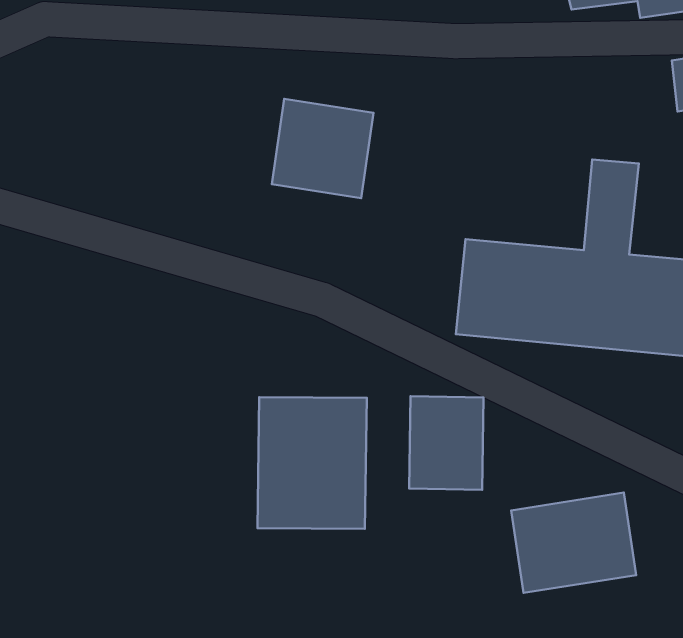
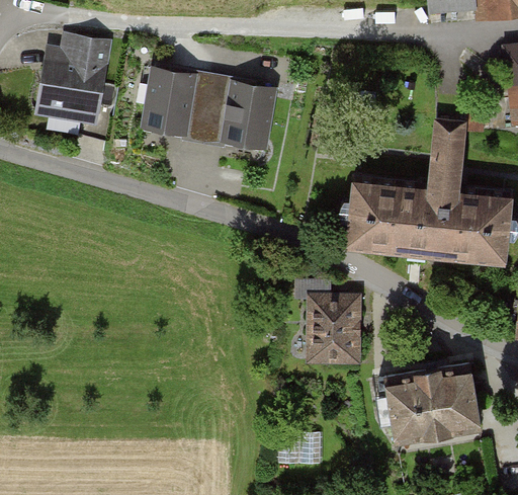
building: none -> [35,34,112,120]
building: none -> [139,67,214,139]
building: [257,397,367,529] -> none

